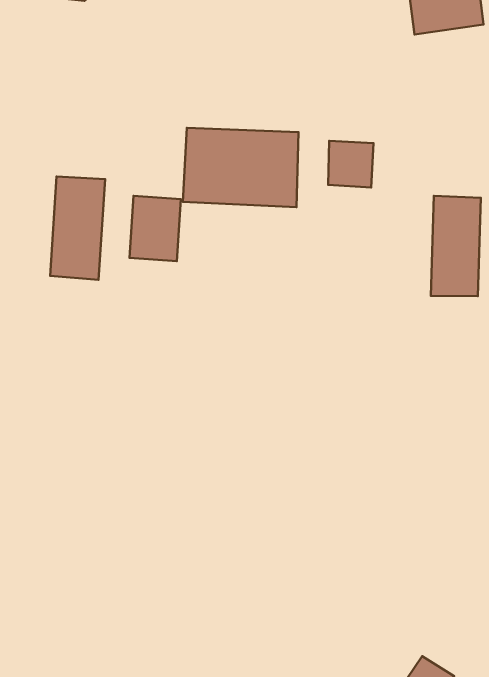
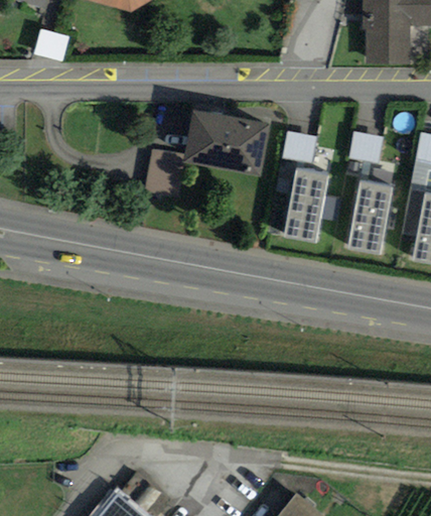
building: none -> [351,131,386,163]
building: [50,176,105,280] -> none
building: none -> [281,166,325,241]

